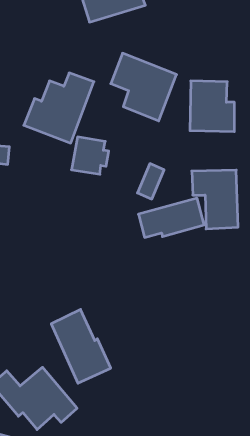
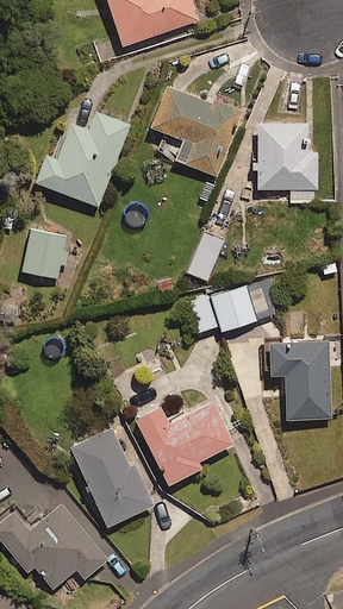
building: [71,137,109,174] -> [21,228,71,278]
building: [192,170,238,229] -> [268,341,330,420]
building: none -> [136,402,231,484]

